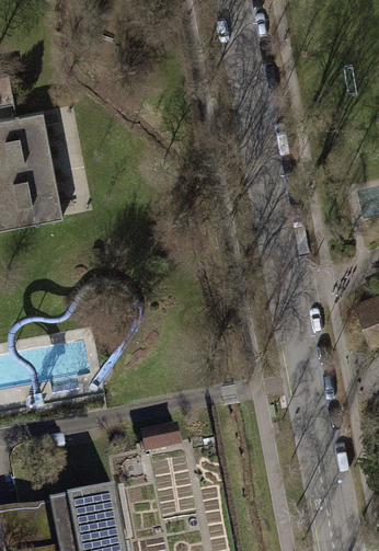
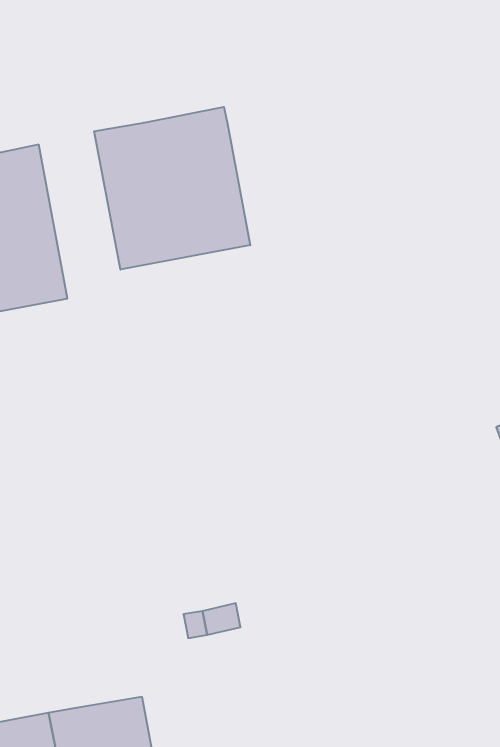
building: none -> [94,107,250,270]

